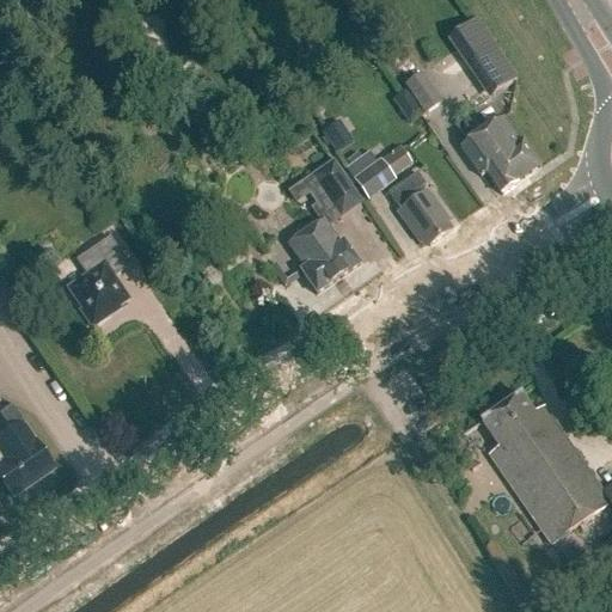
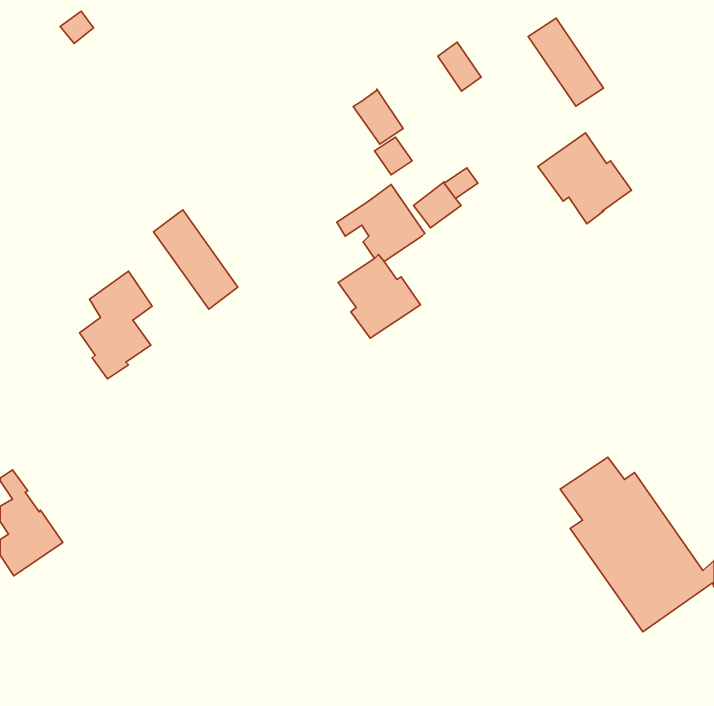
building: [405,69,442,111] -> [438,42,481,91]
building: none -> [353,89,403,144]
building: [388,169,448,241] -> none
building: none -> [154,210,238,309]

